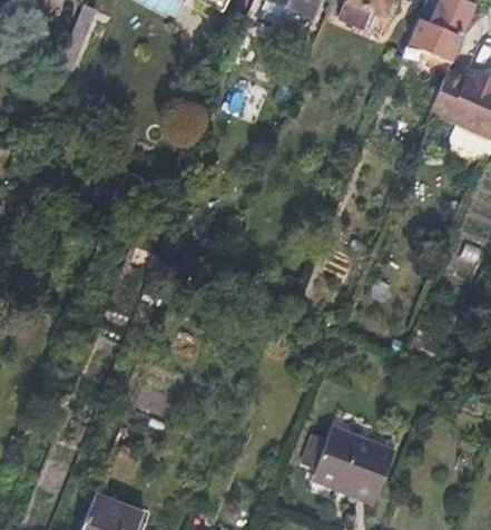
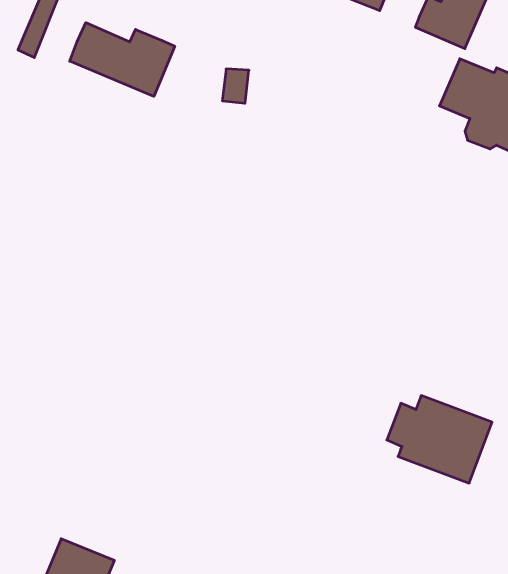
building: none -> [70,23,175,96]
building: [301,424,393,501] -> [387,396,492,483]

